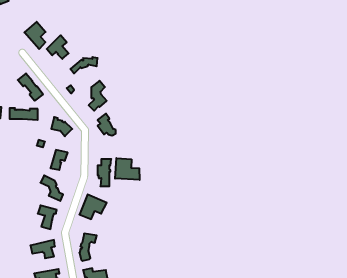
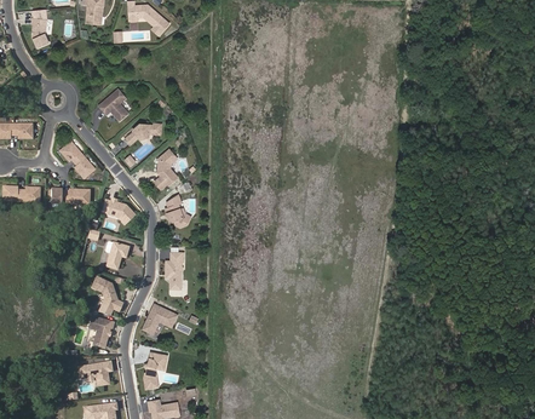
building: [24,22,46,49] -> none
building: [115,158,140,180] -> none

